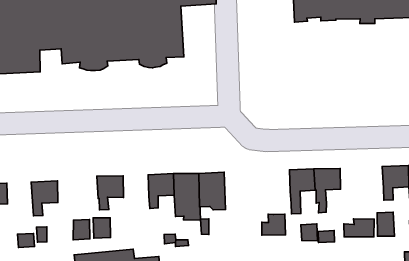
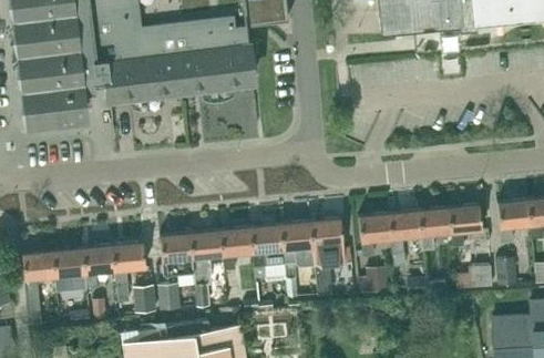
building: none -> [448,204,481,247]
building: none -> [357,213,390,256]
building: none -> [310,217,351,295]
building: none -> [191,229,223,306]
building: none -> [113,242,145,301]
building: none -> [53,247,88,290]

